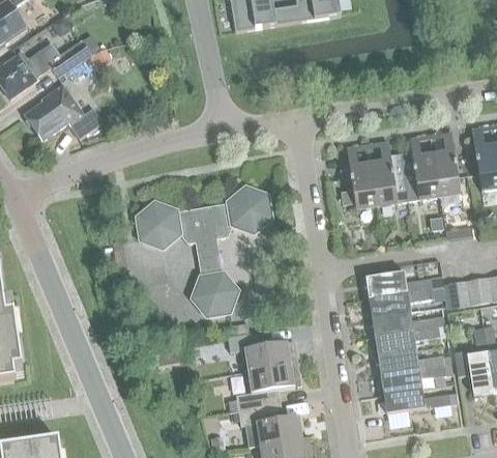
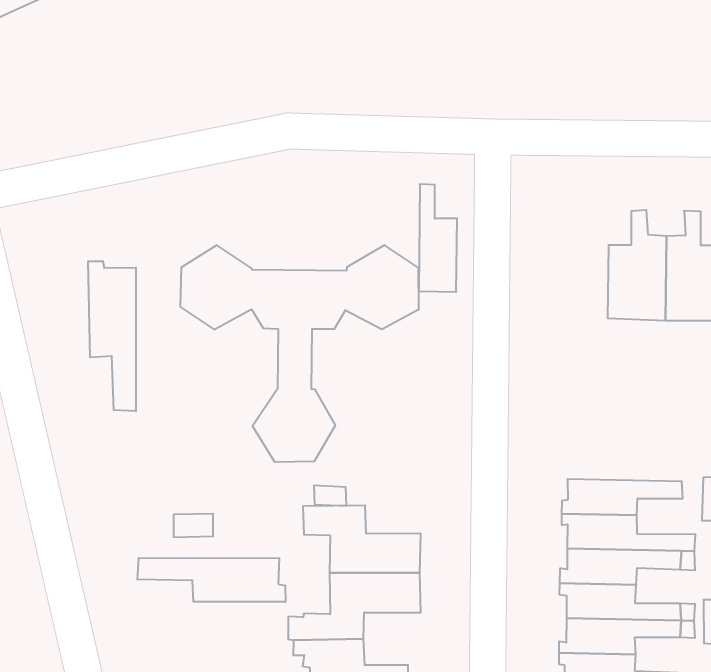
building: [24,84,101,140] -> none
building: [346,148,376,208] -> [419,184,457,292]
building: none -> [88,261,136,411]
building: [362,271,432,297] -> none
building: none -> [137,558,285,602]

